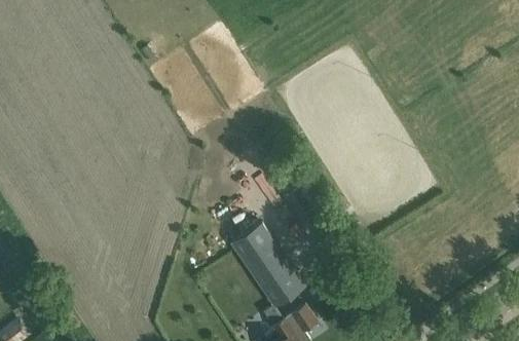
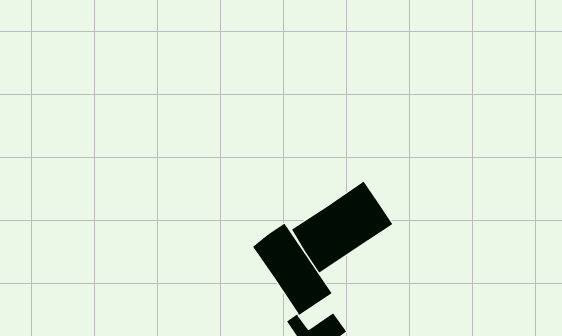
building: none -> [291,181,393,274]

